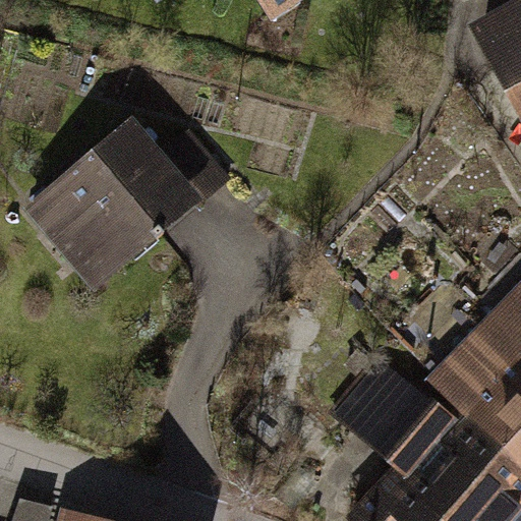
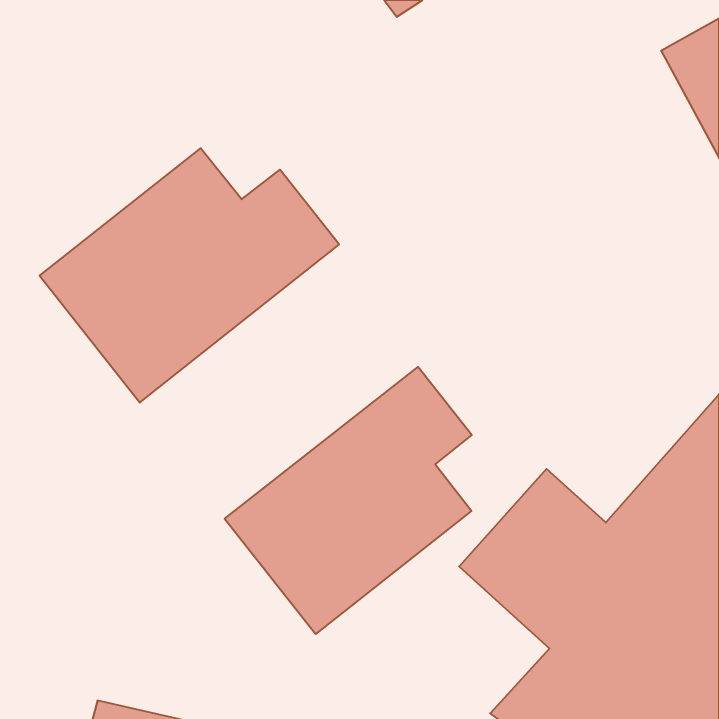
building: none -> [225,367,472,634]

